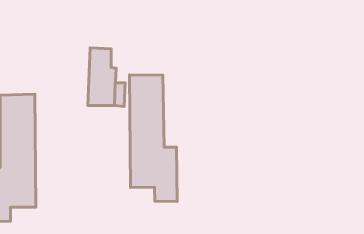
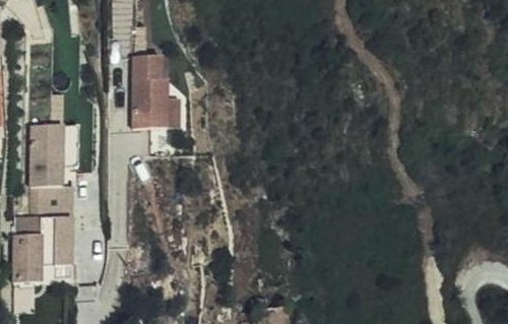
building: [130,75,177,202] -> none

